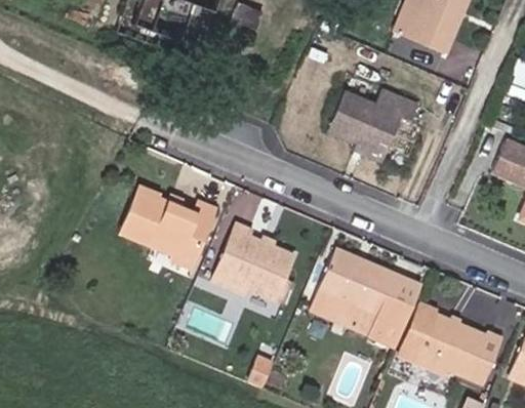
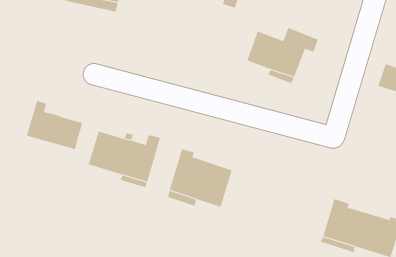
building: none -> [26,100,83,150]
building: [310,253,420,344] -> none

